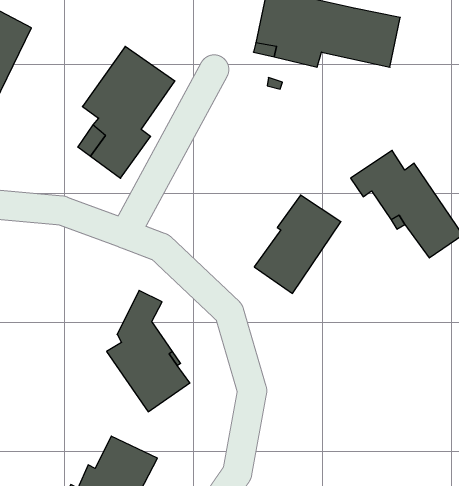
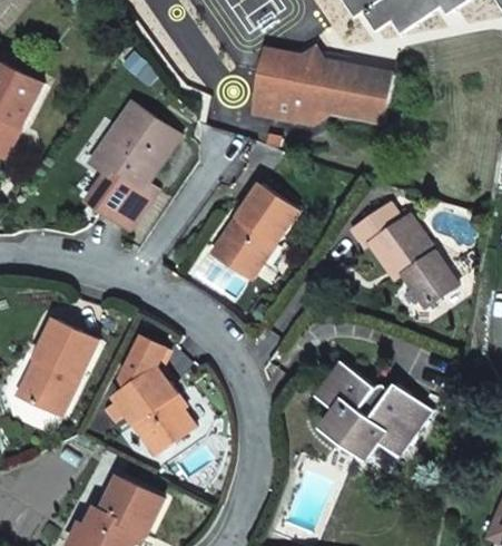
building: [254,195,341,293] -> [211,184,295,279]
building: none -> [21,319,93,416]
building: none -> [313,361,430,459]

